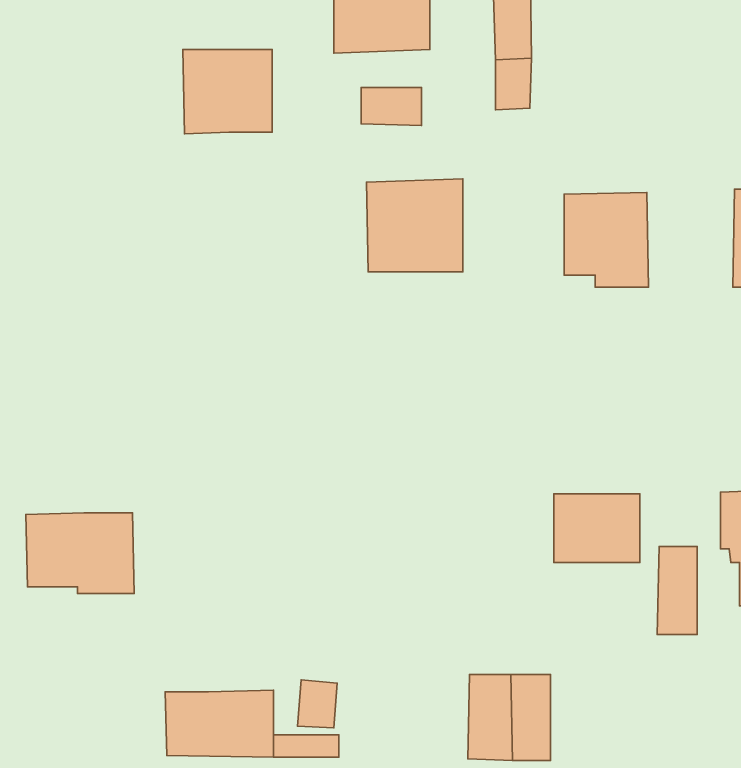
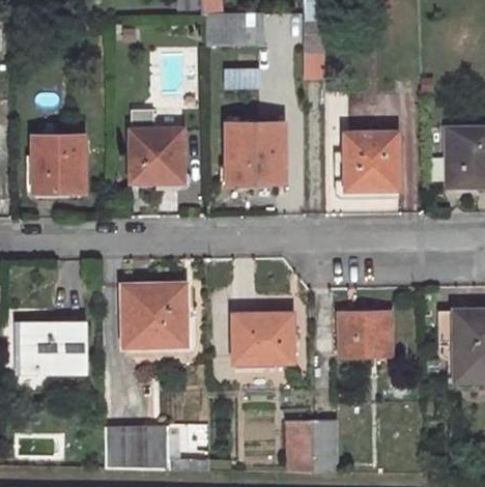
building: [183,50,272,134] -> [131,130,184,180]
building: none -> [33,137,85,192]
building: none -> [124,284,187,345]
building: none -> [232,312,290,362]
building: [657,546,697,635] -> none

